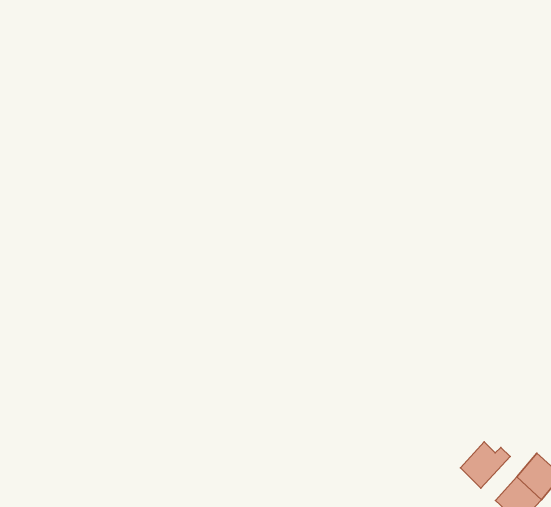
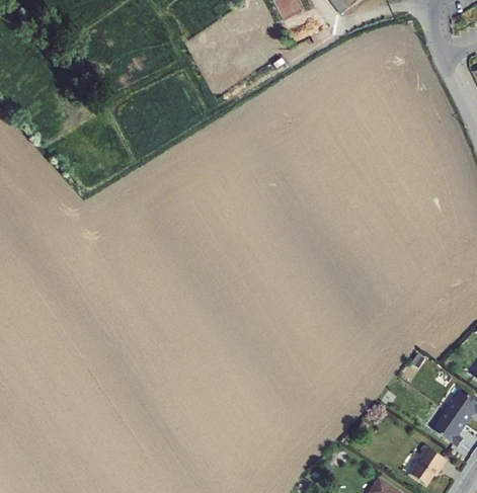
building: [461,442,510,488] -> none

